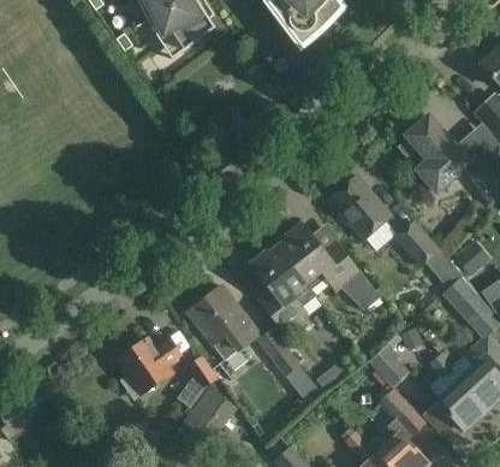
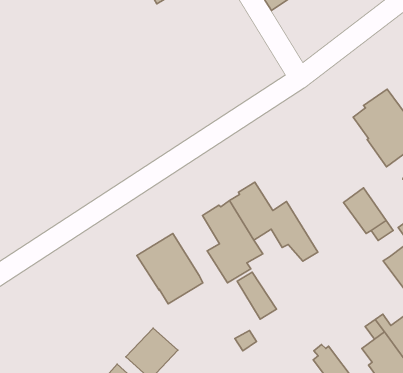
building: [329,175,391,238] -> none
building: [256,329,299,377] -> [237,272,276,319]
building: [117,341,180,396] -> none
building: [369,343,410,386] -> none
building: [175,357,214,404] -> none

